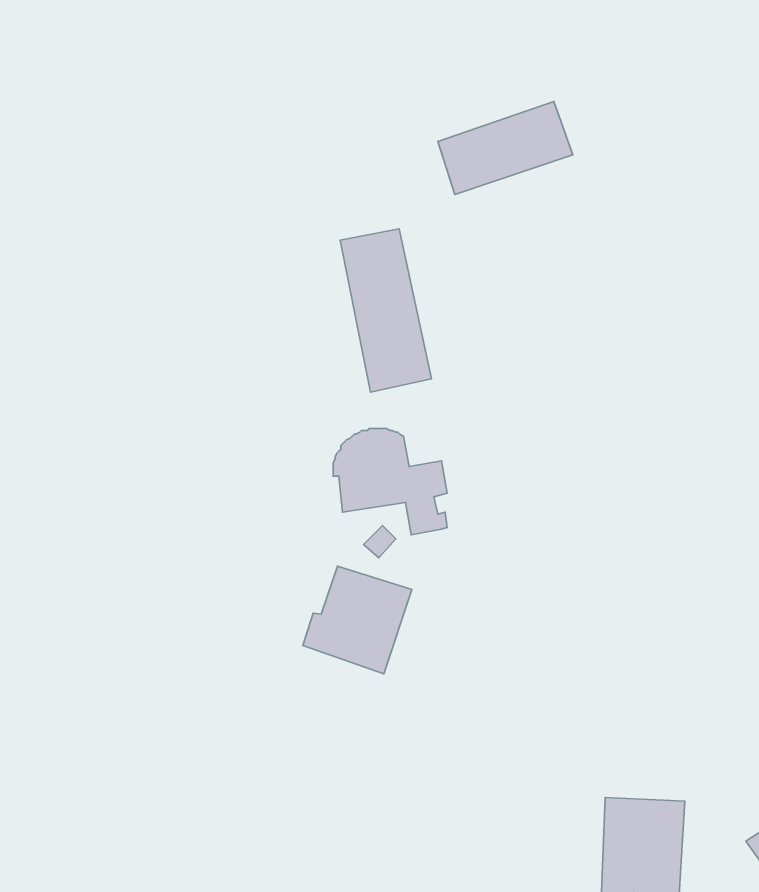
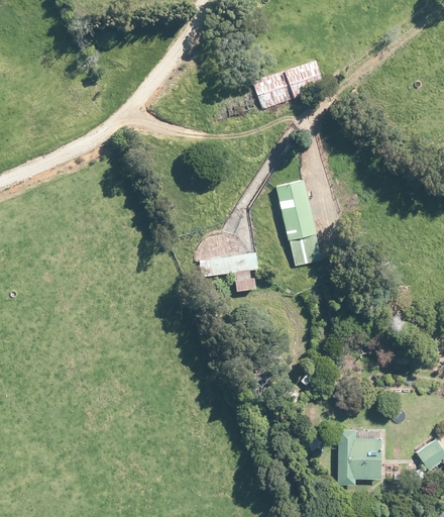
building: [340,229,431,392] -> [275,180,324,267]
building: [303,566,412,674] -> none

